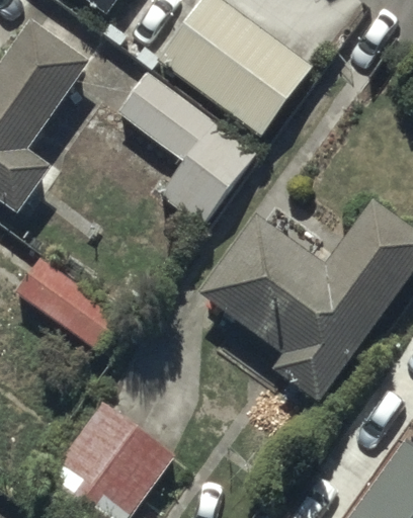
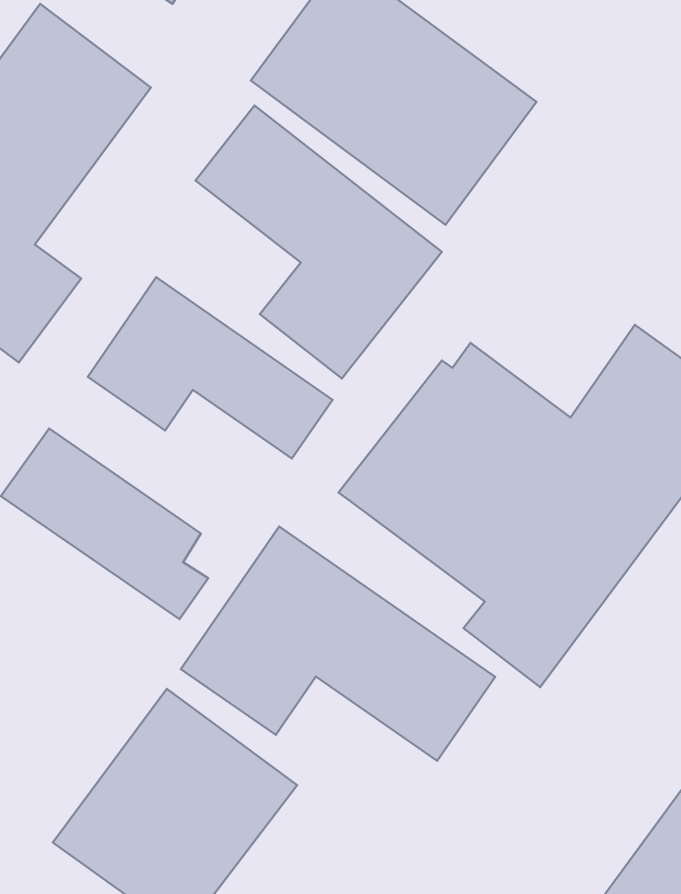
building: none -> [88,277,333,459]
building: none -> [181,526,495,761]

